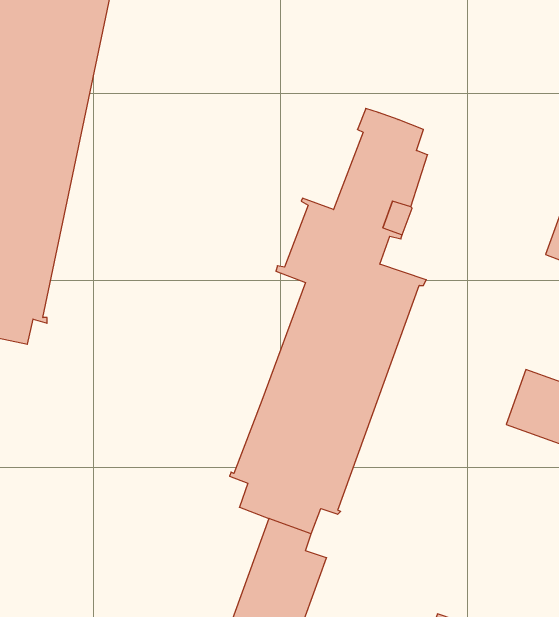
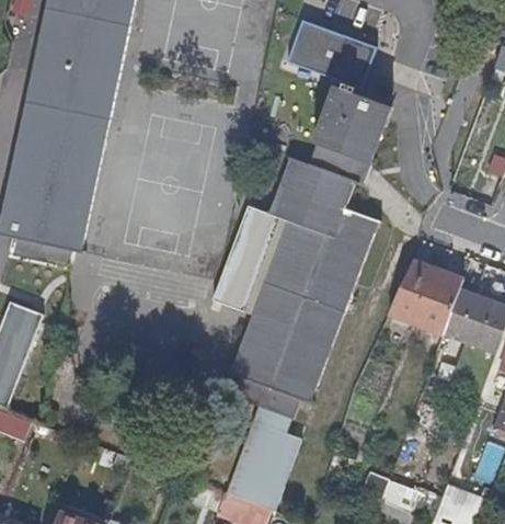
building: none -> [291,20,381,94]
building: none -> [211,206,286,314]
building: none -> [389,261,462,332]

